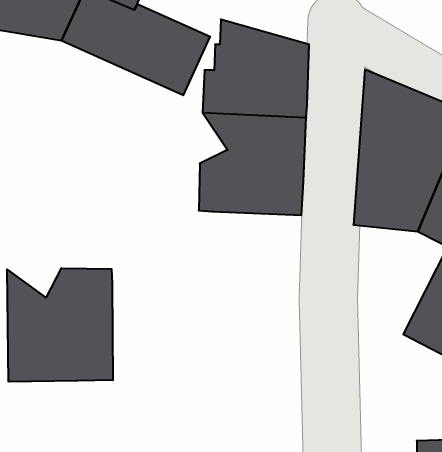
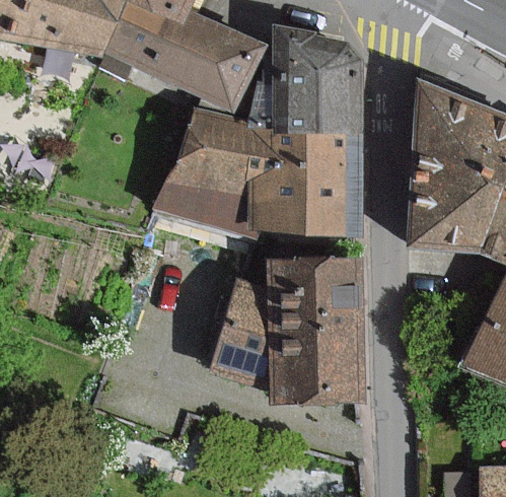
building: none -> [155,116,279,228]
building: none -> [207,255,363,407]
building: [7,268,113,382] -> none

